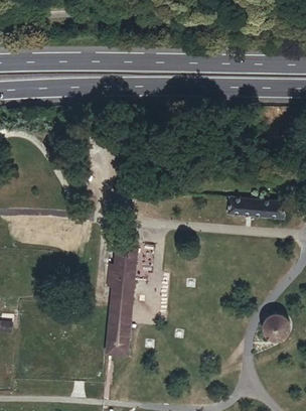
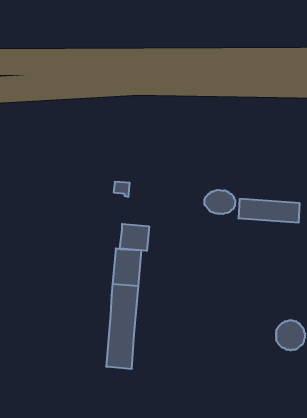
building: none -> [204,190,235,214]
building: none -> [120,224,149,251]

